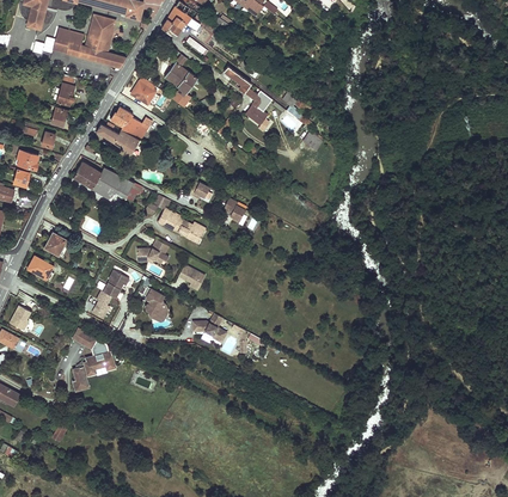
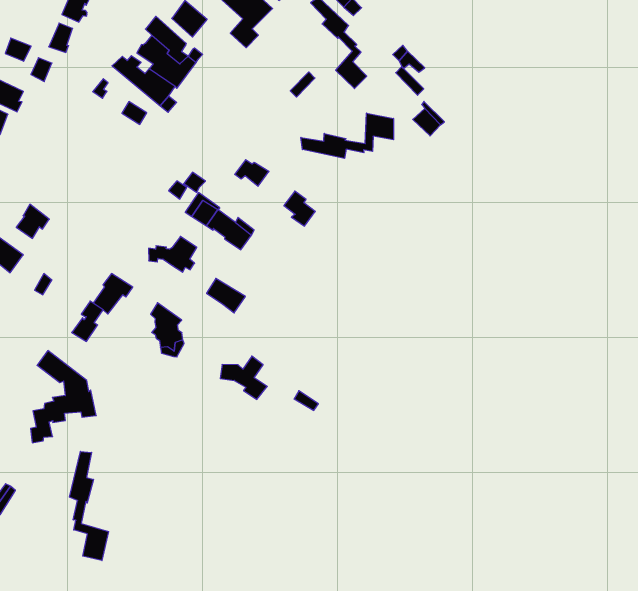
building: none -> [301,113,394,158]
building: [74,162,143,202] -> none
building: none -> [70,451,109,561]

